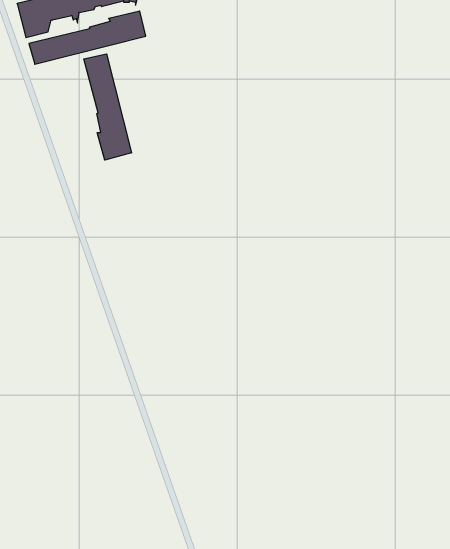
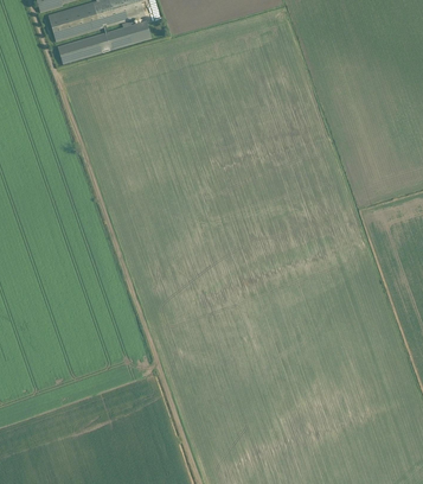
building: [84,54,132,160] -> none

